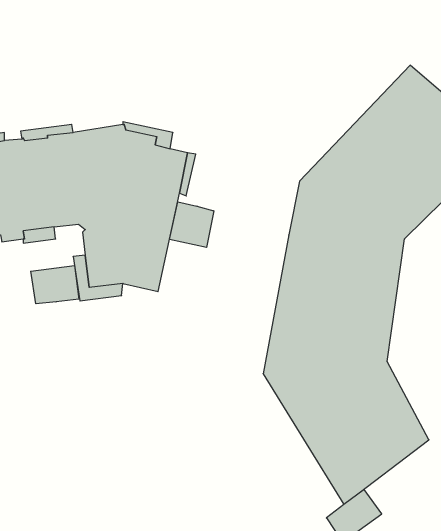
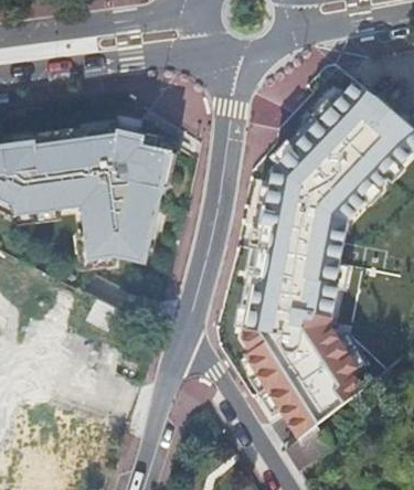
building: [169,202,214,247] -> none
building: [31,266,79,304] -> none

